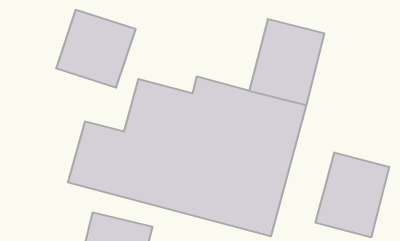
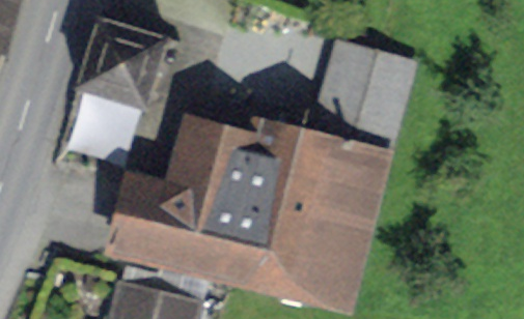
building: [315,152,389,237] -> none

